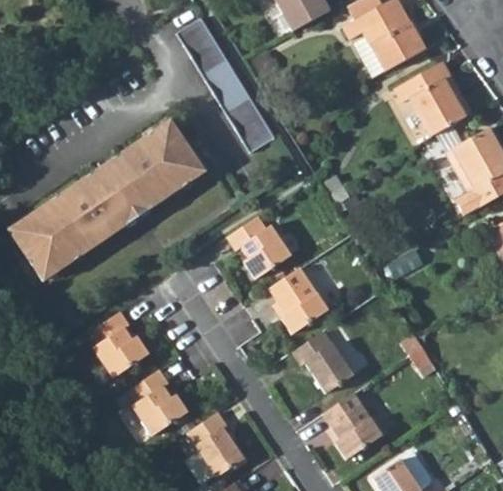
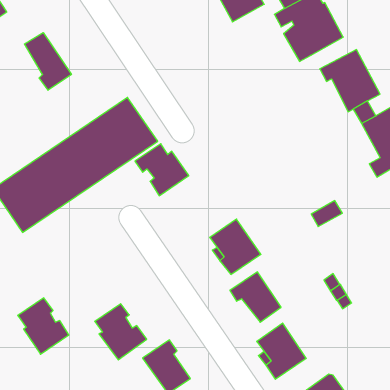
building: [175,15,275,154] -> none
building: none -> [24,33,71,90]
building: [229,217,293,279] -> [135,144,189,196]
building: [89,311,150,378] -> [18,298,69,354]

